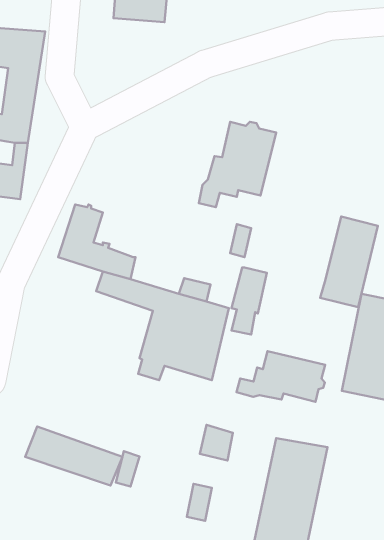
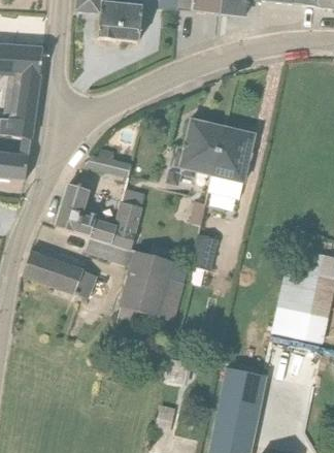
building: none -> [84,149,131,176]
building: none -> [111,188,145,249]
building: [320,217,378,307] -> [209,127,255,198]
building: [237,351,325,402] -> none
building: [25,427,122,486] -> [22,251,98,297]

